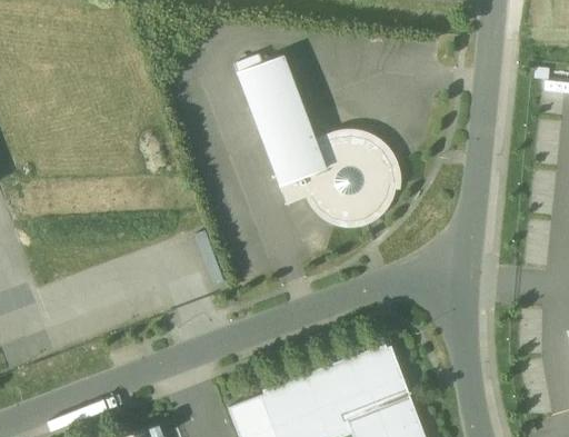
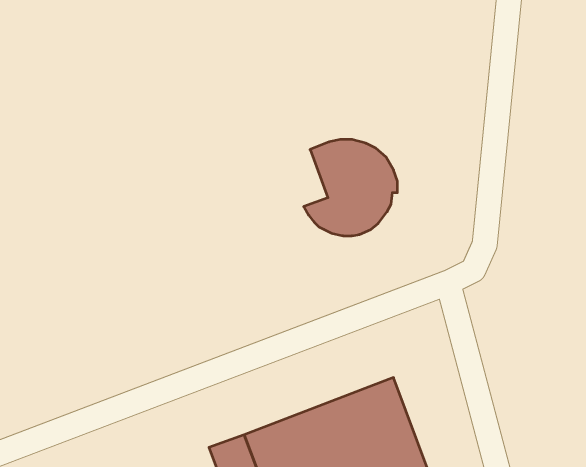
building: [233,53,332,203] -> none

